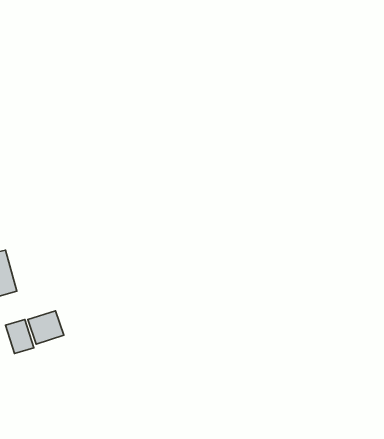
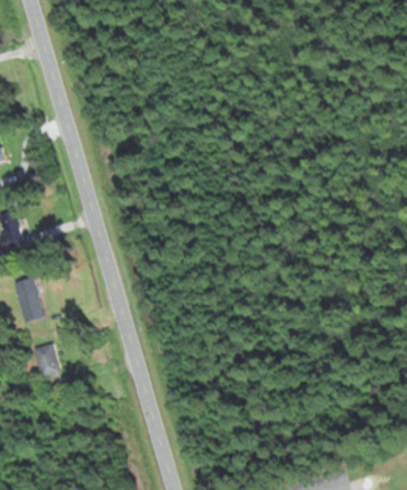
building: [28,311,64,344] -> none

